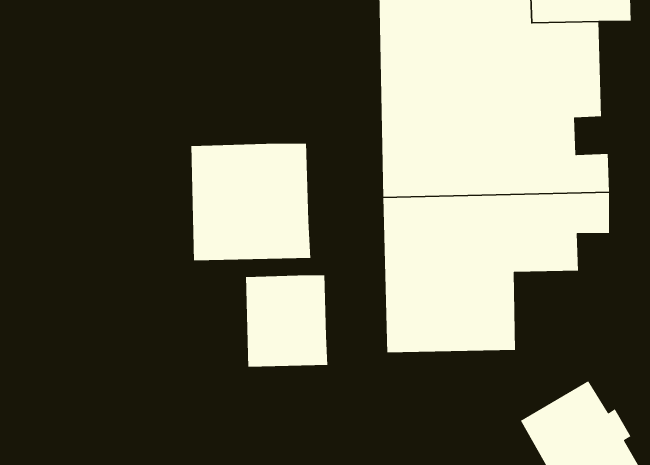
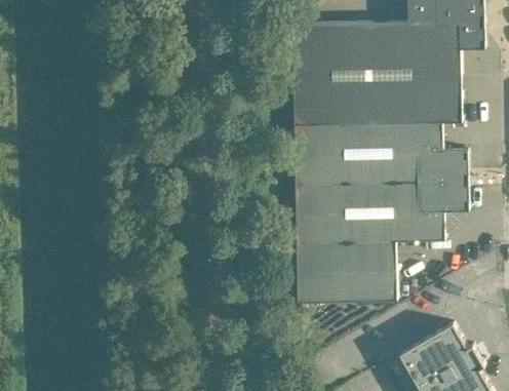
building: [190,143,311,261] -> none
building: [245,275,328,368] -> none

